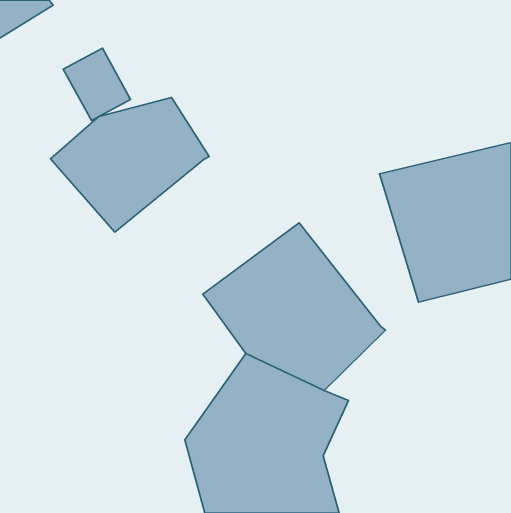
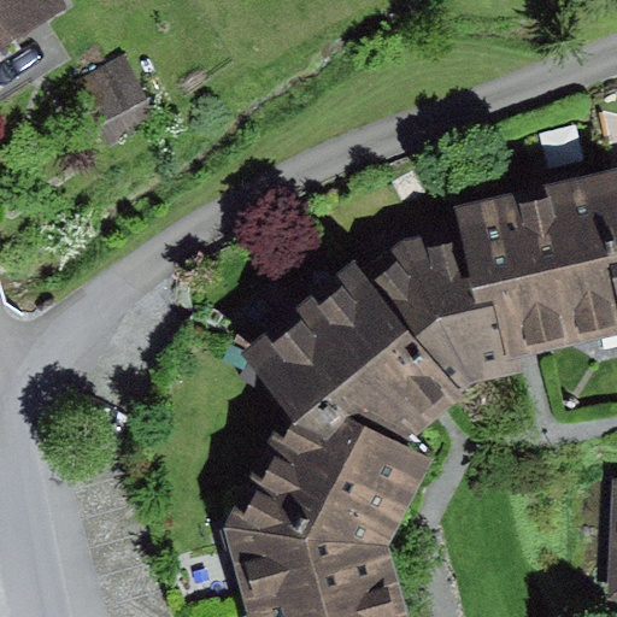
building: [51,98,209,232] -> none
building: none -> [359,230,505,392]

